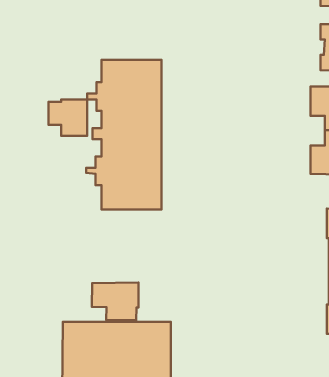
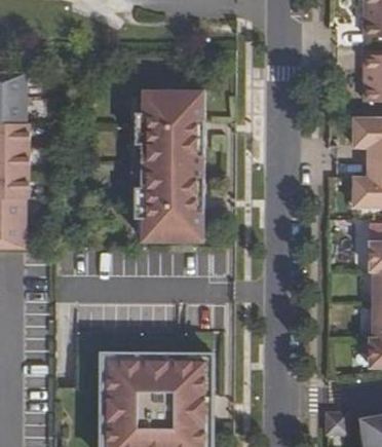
building: [49,99,87,136] -> none
building: [92,283,139,320] -> none

